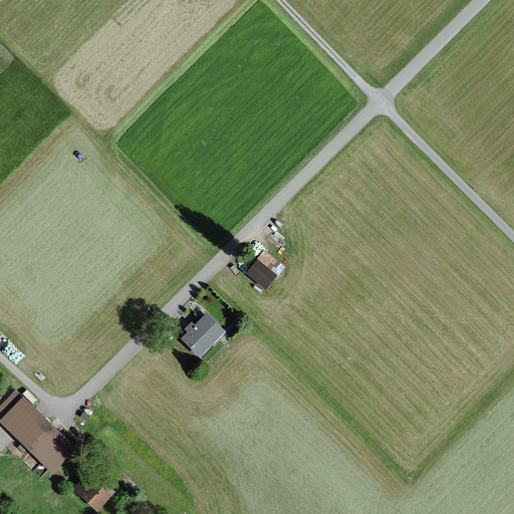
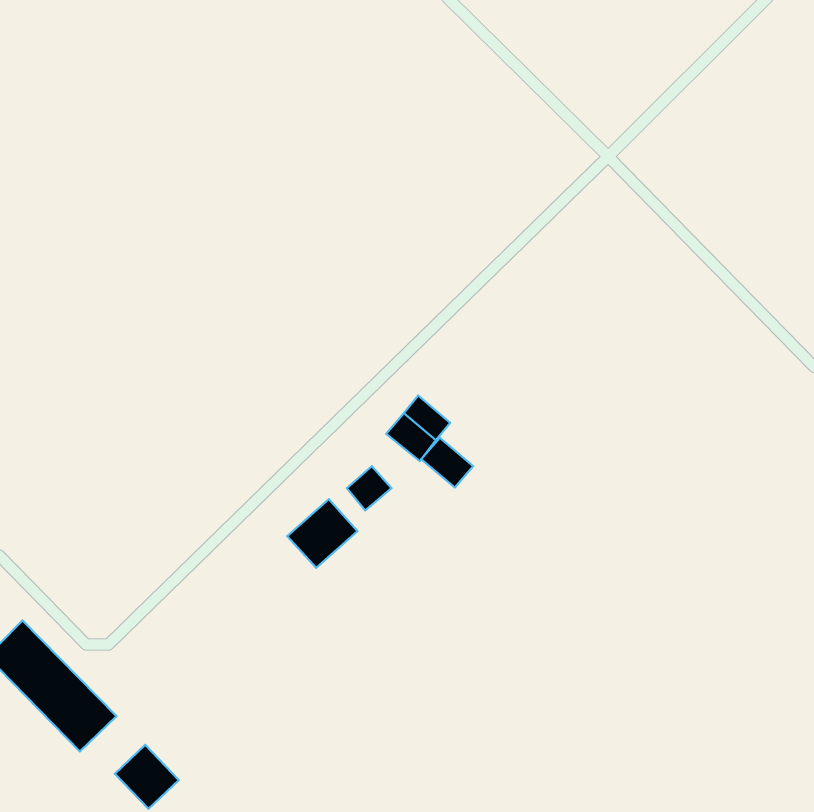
building: none -> [421,438,473,487]
building: none -> [347,466,392,510]

